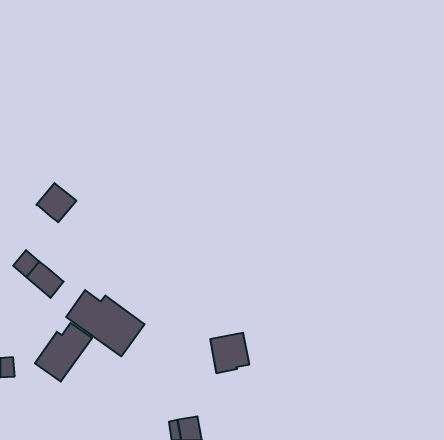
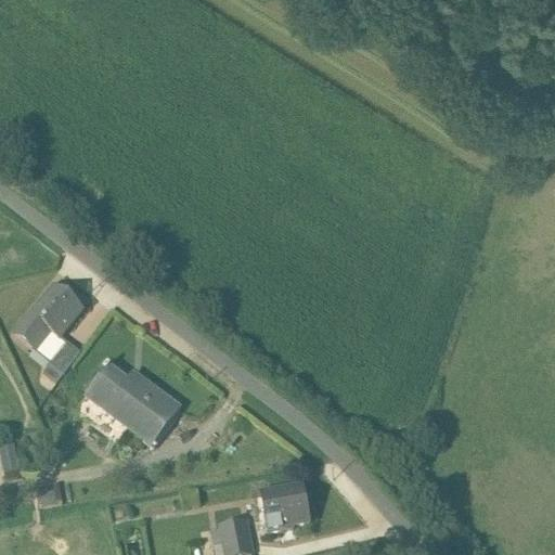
building: [36,183,76,222] -> [33,284,82,333]
building: [35,323,92,382] -> none
building: [210,333,249,373] -> [261,482,310,532]

